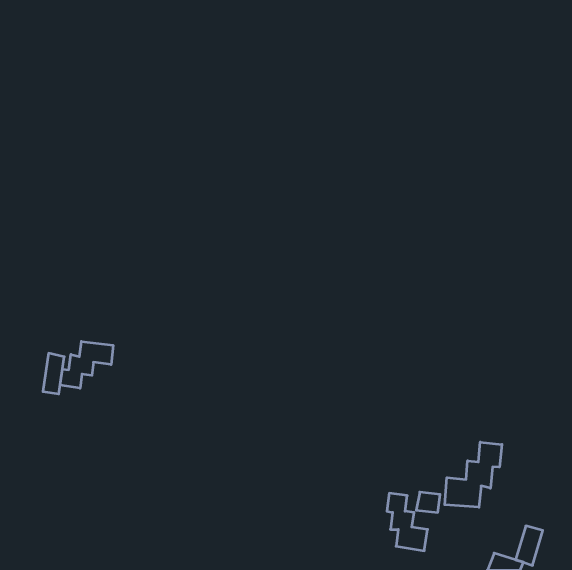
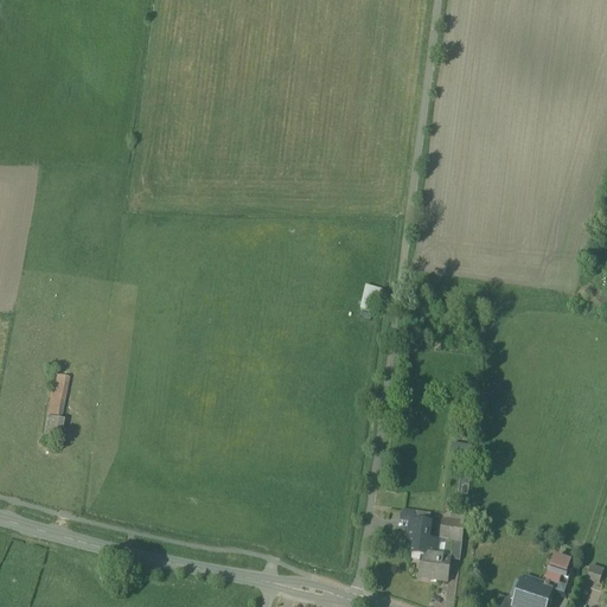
building: [60,341,113,388] -> none
building: [445,442,502,507] -> none

